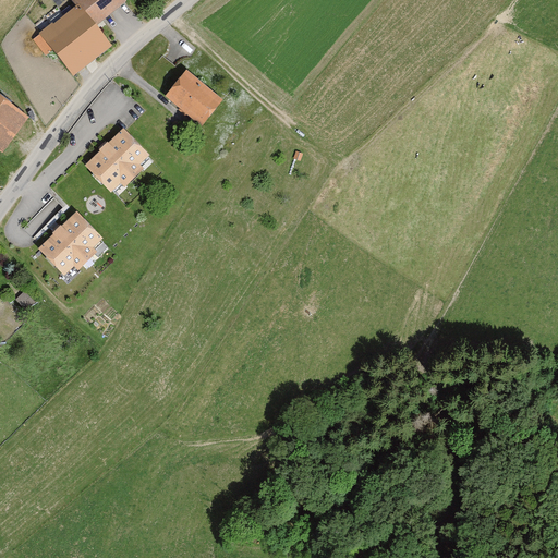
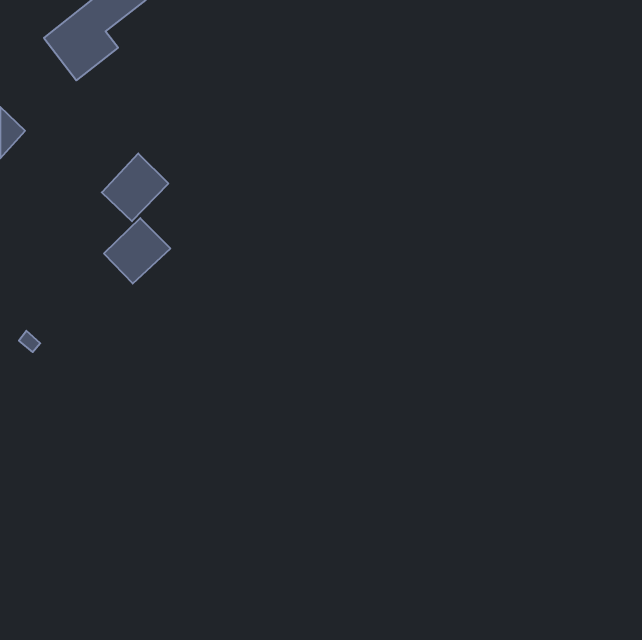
building: [168,75,215,120] -> none
building: [40,216,98,272] -> [104,218,170,284]

